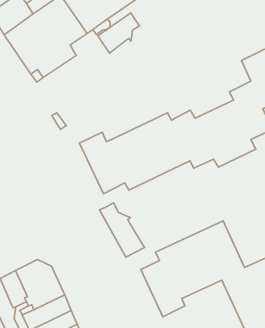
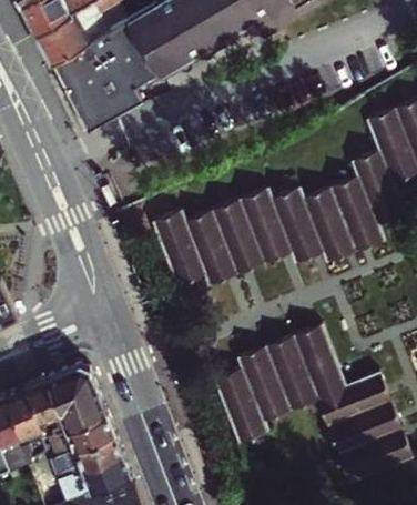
building: [98,13,139,53] -> none
building: [100,203,144,257] -> none

